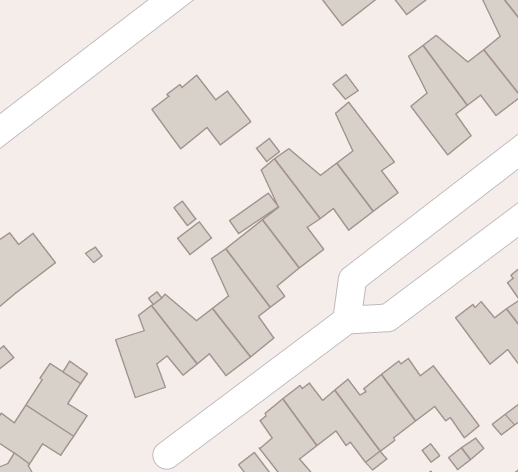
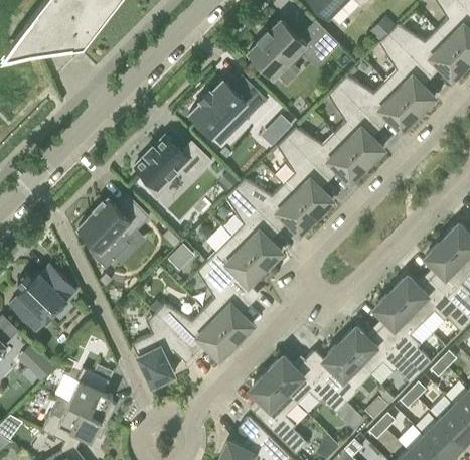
building: none -> [189,75,266,138]
building: none -> [286,128,367,184]
building: none -> [77,196,149,270]
building: none -> [375,292,431,372]

